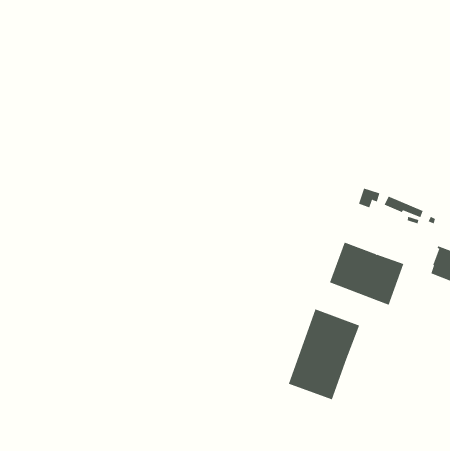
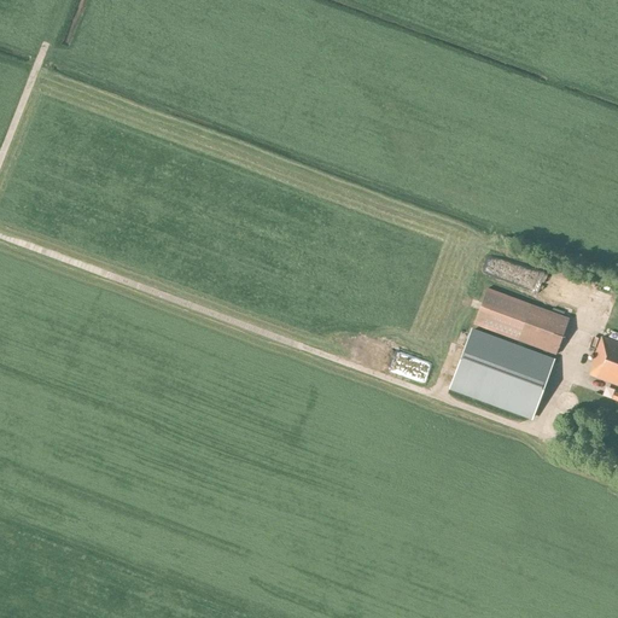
building: none -> [474,287,570,355]
building: [288,308,360,400] -> none

